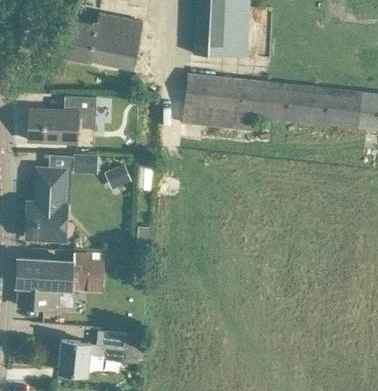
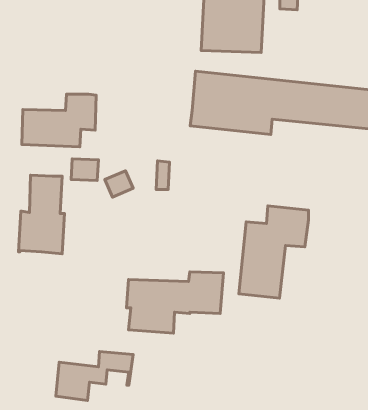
building: [63,13,143,69] -> none
building: none -> [239,206,309,298]
building: [16,251,105,307] -> [126,272,224,333]

